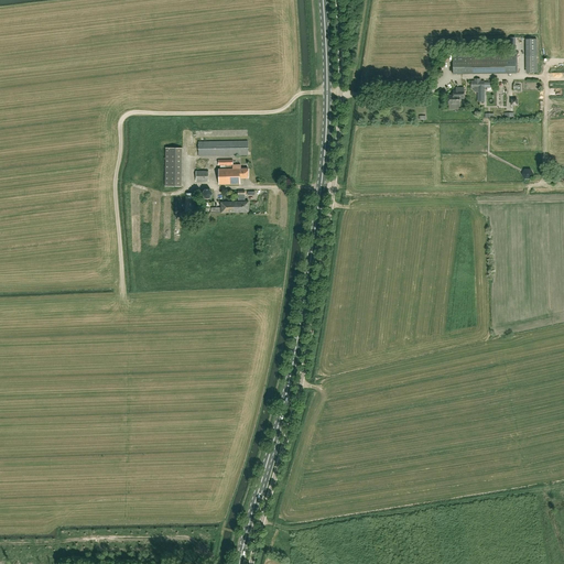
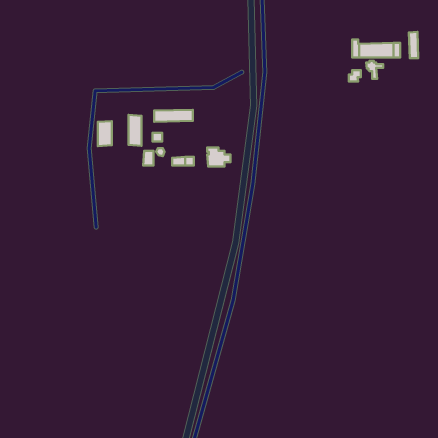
building: none -> [98,121,112,146]
building: [218,160,248,184] -> [207,148,230,166]

